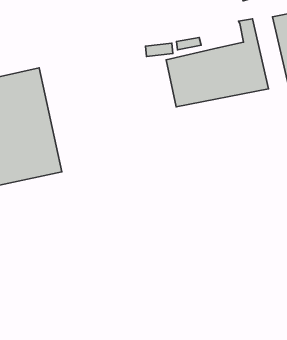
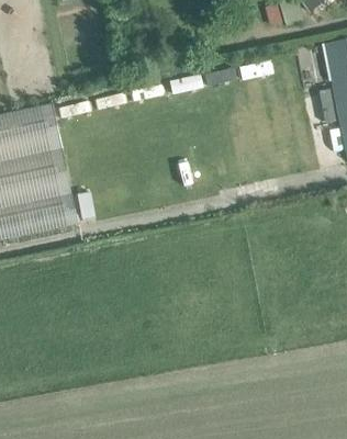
building: [166,19,268,107] -> none

